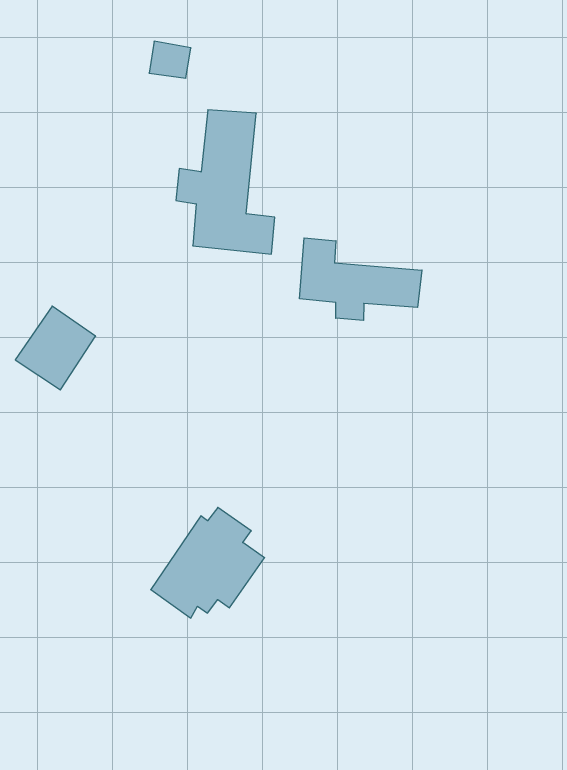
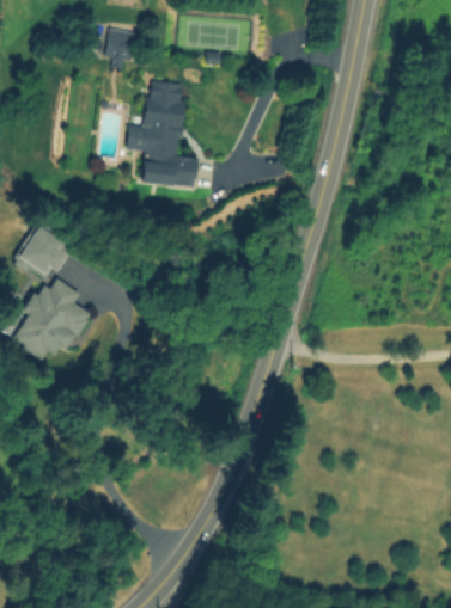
building: [300,238,422,320] -> none
building: [151,507,265,618] -> [8,280,90,358]

